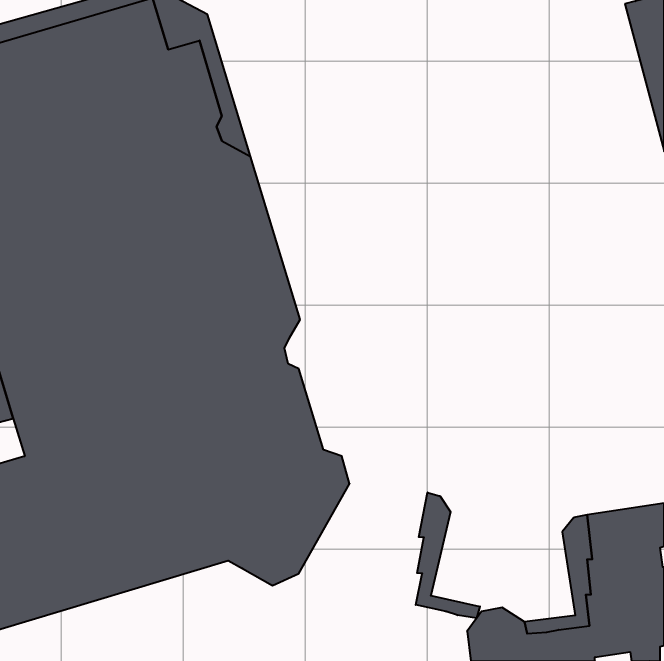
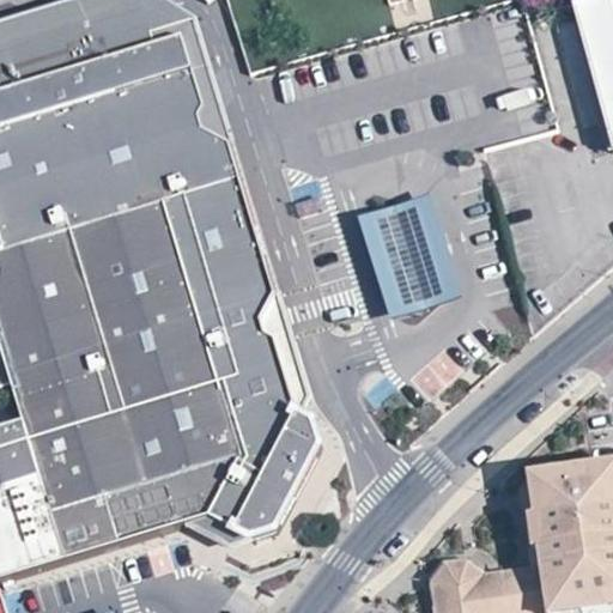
building: none -> [353,192,456,316]
building: [416,492,480,618] -> none

